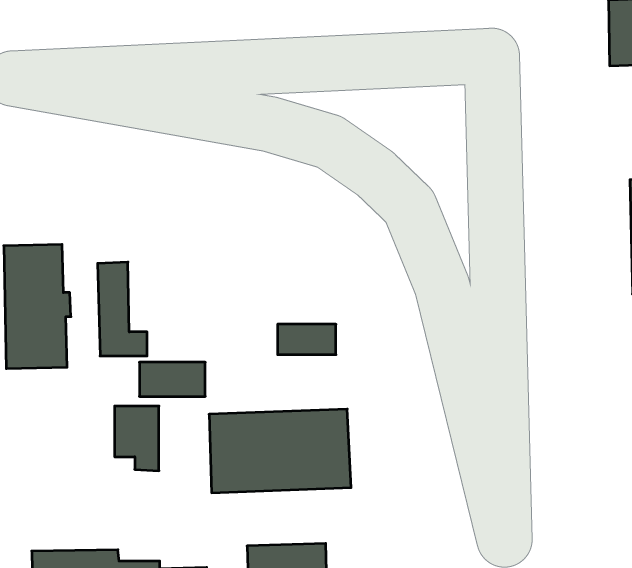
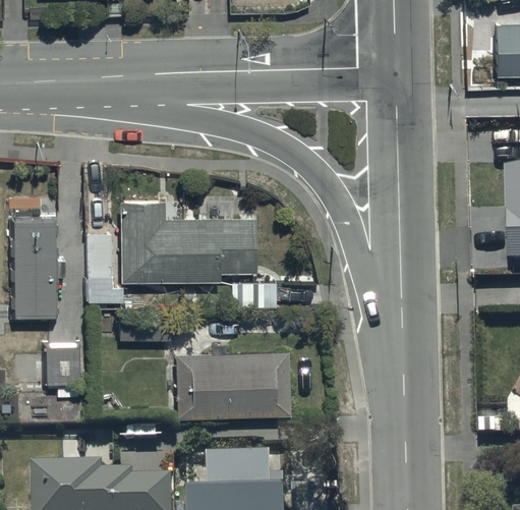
building: none -> [118,201,256,283]
building: [115,406,159,471] -> [46,346,81,398]

